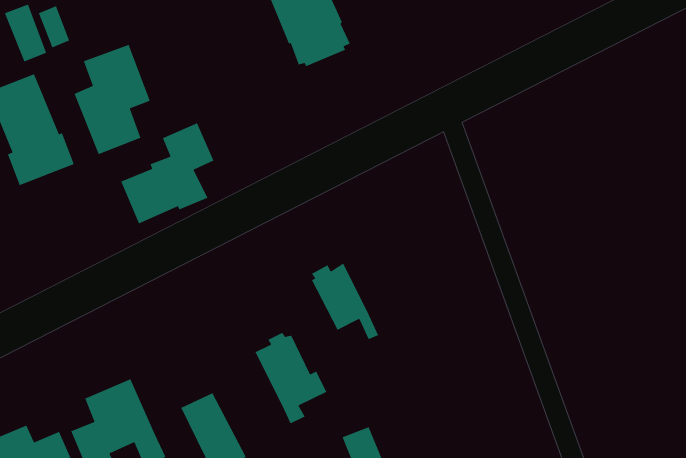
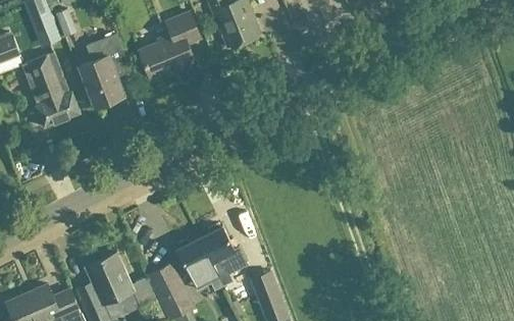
building: [120,122,215,224] -> [138,12,200,79]
building: [311,263,379,340] -> [176,236,221,287]

